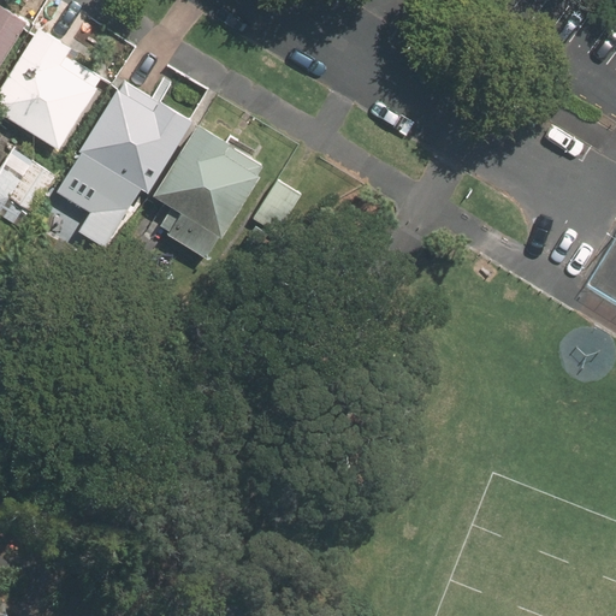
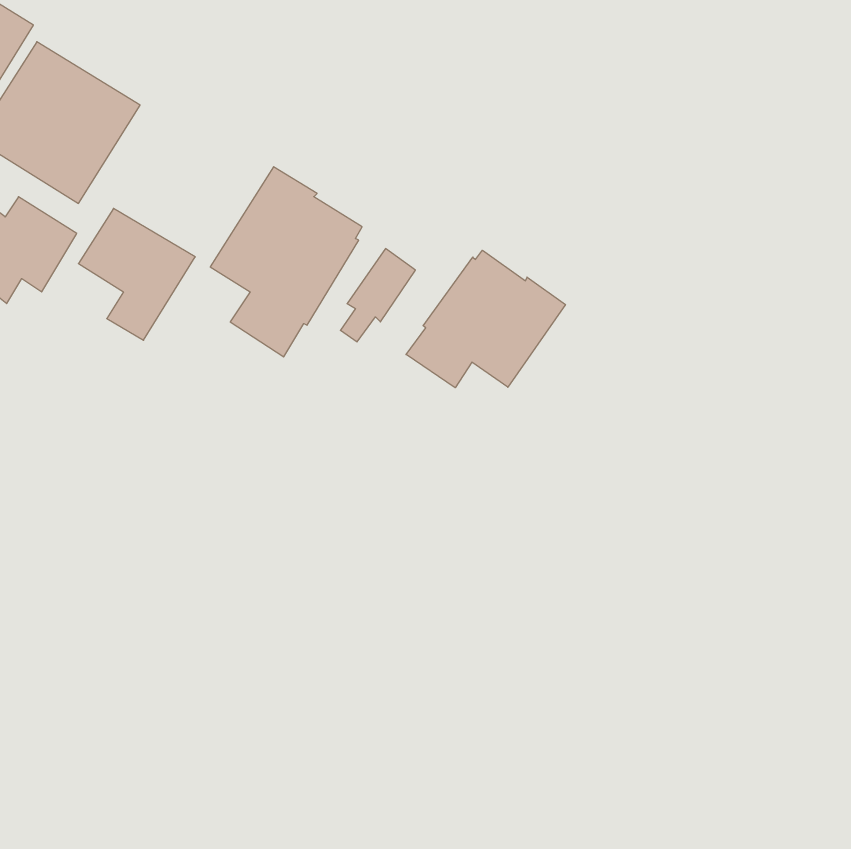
building: [78,83,191,192] -> none
building: none -> [406,250,565,388]

